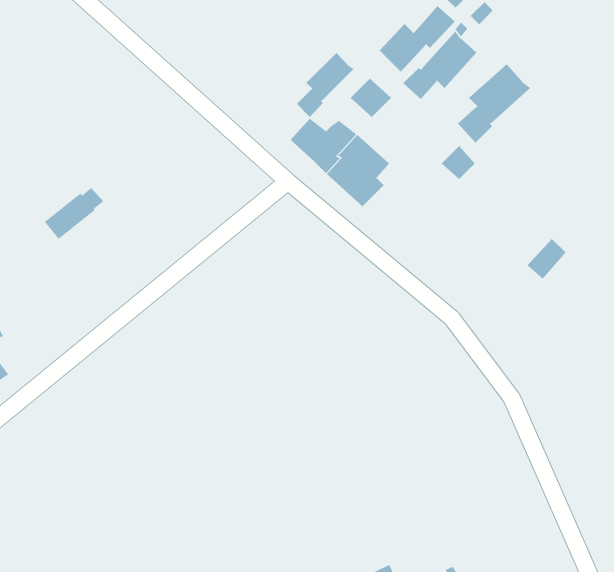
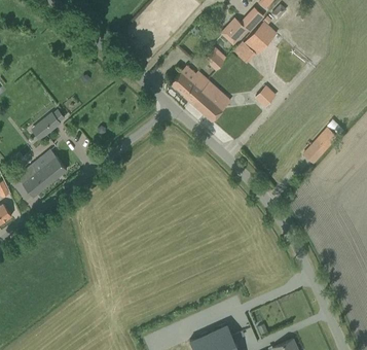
building: [296,52,355,118] -> none
building: [457,63,531,144] -> none
building: none -> [16,150,66,197]

